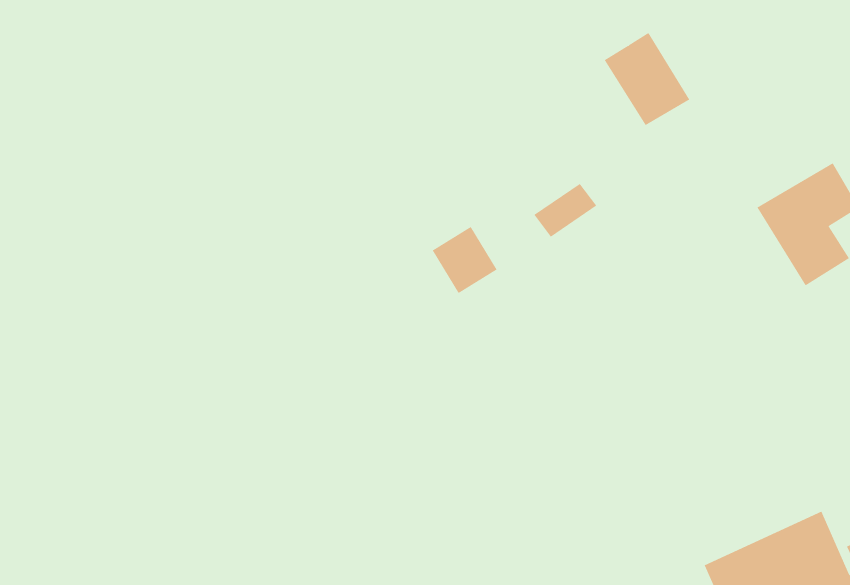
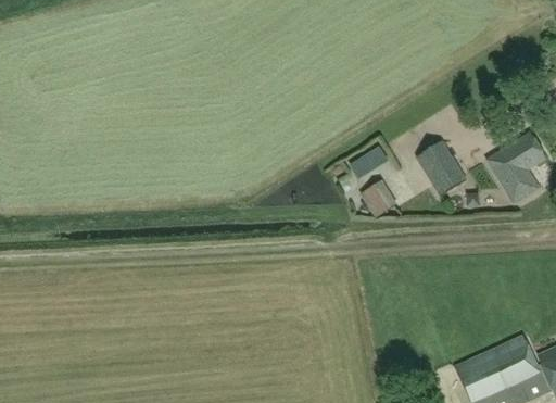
building: [604,32,690,126] -> [416,141,466,196]
building: [432,226,497,294] -> [359,179,397,218]

